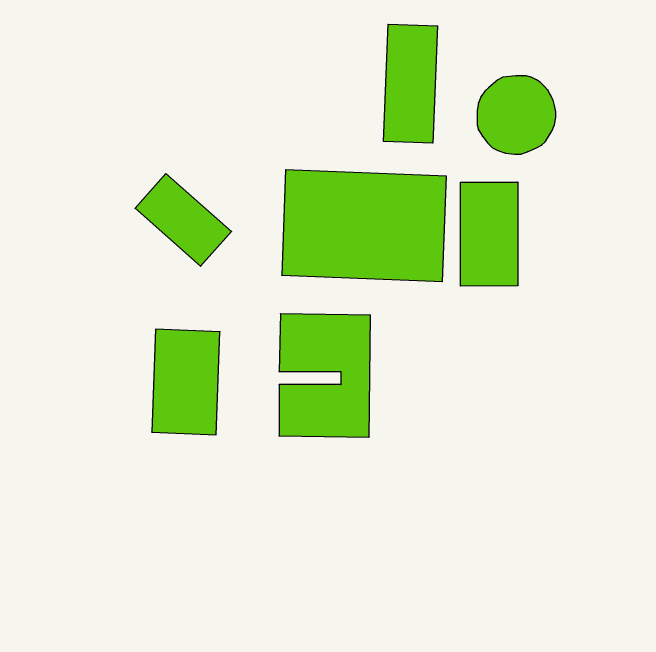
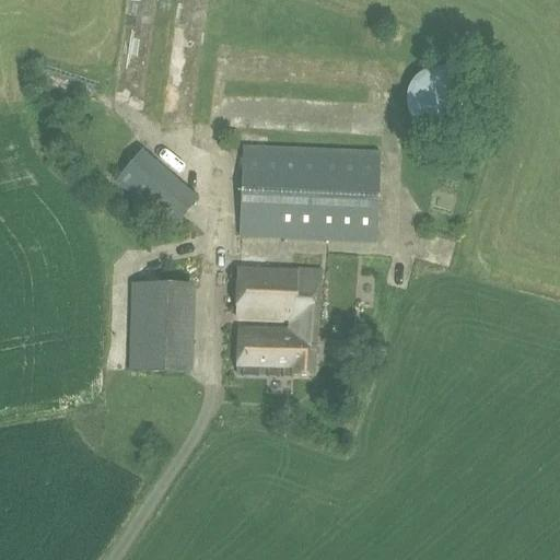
building: [383,24,438,143] -> none
building: [461,182,518,286] -> none

